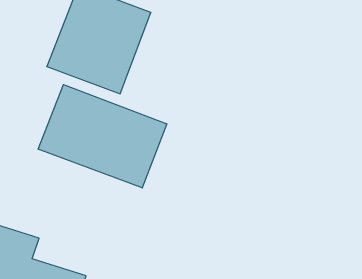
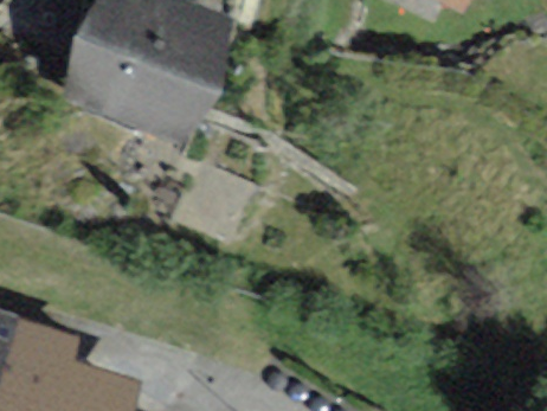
building: [38,85,167,188] -> none

